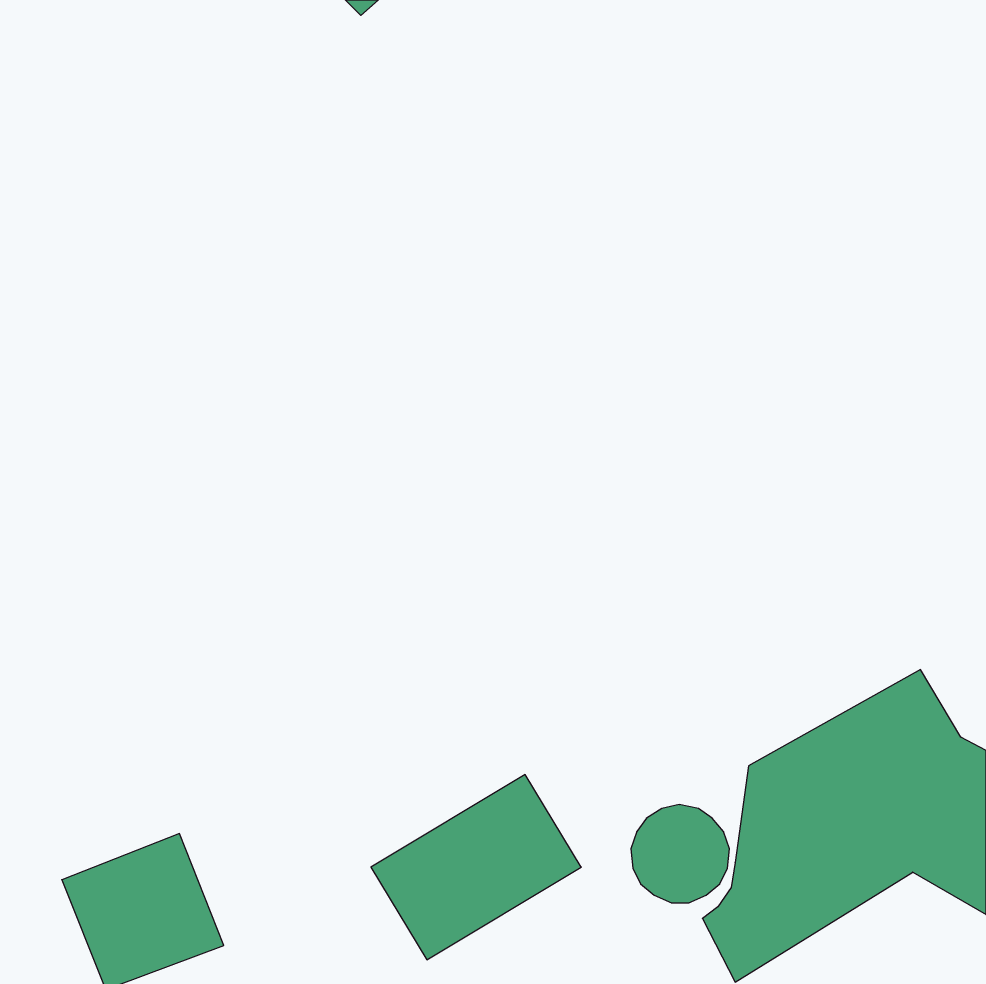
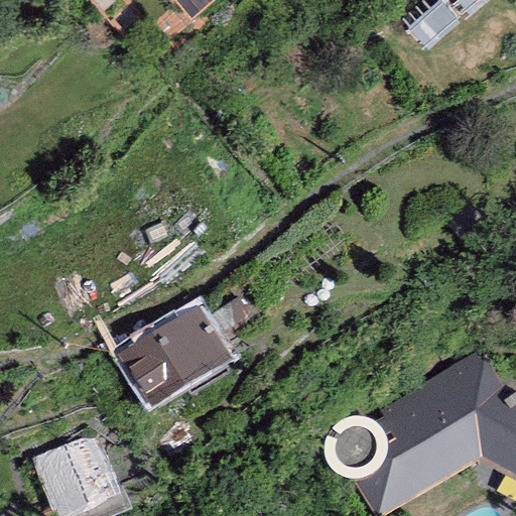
building: [371,775,581,960] -> [119,311,229,408]

